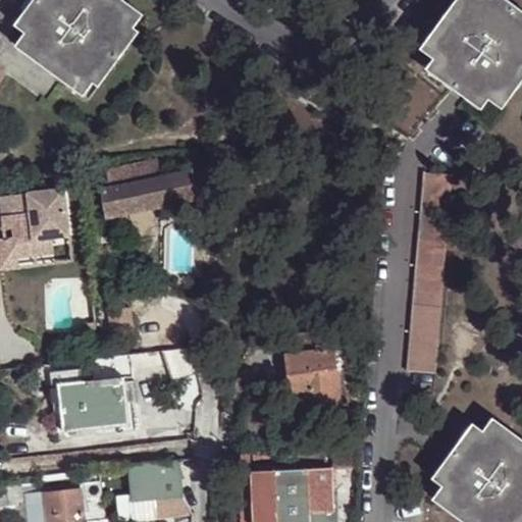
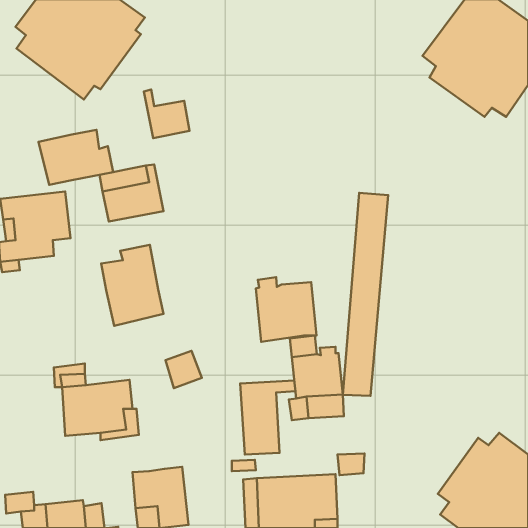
building: none -> [39,130,113,185]
building: [152,160,197,208] -> [144,89,189,138]
building: [407,172,452,372] -> [343,193,388,396]
building: none -> [101,245,164,326]
building: none -> [256,277,317,342]
building: none -> [240,381,295,455]

